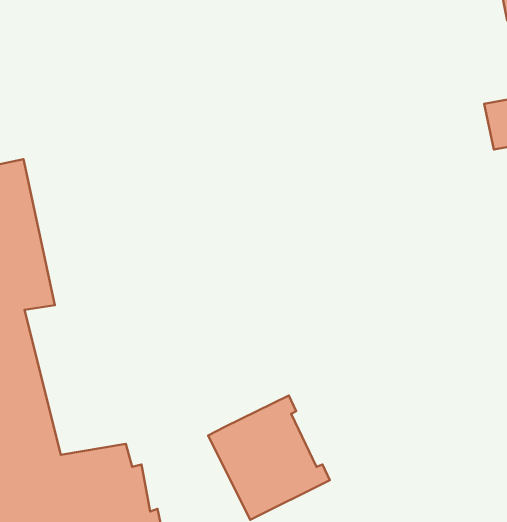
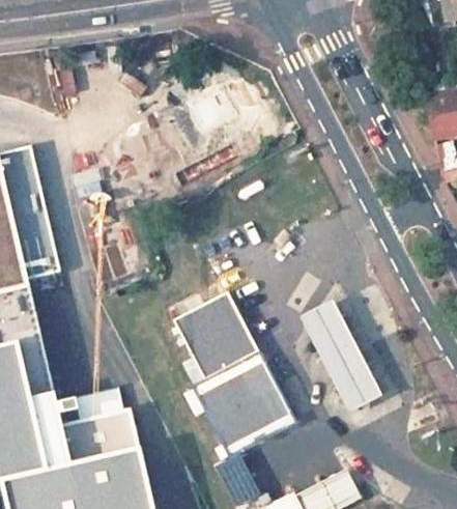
building: none -> [173,287,258,375]
building: none -> [301,301,382,413]

